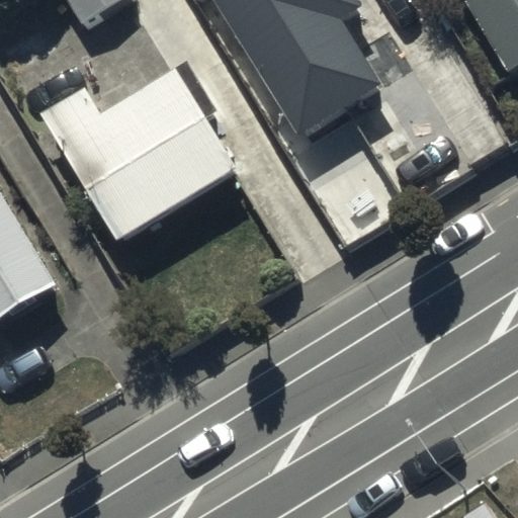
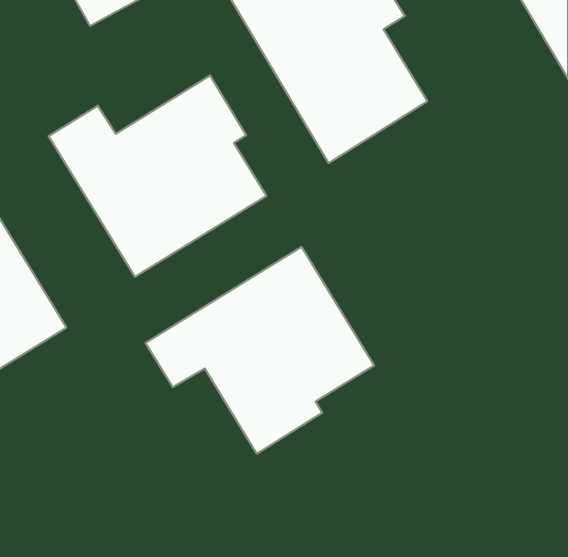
building: none -> [146,247,374,454]

